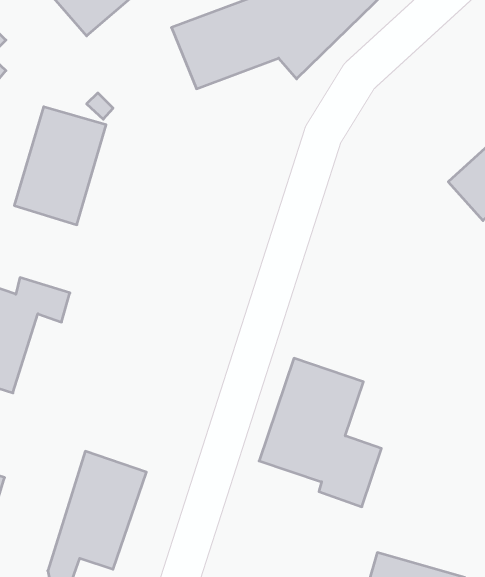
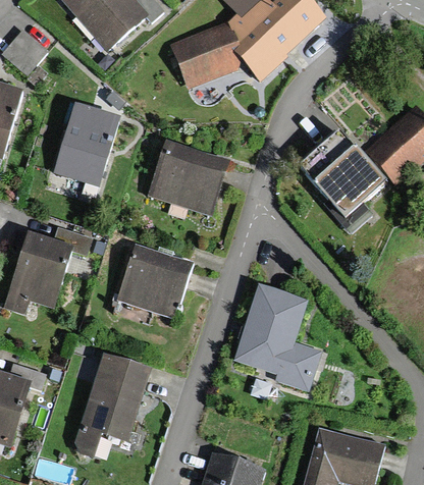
building: none -> [302,130,382,230]
building: none -> [149,141,224,213]
building: none -> [117,252,188,322]

